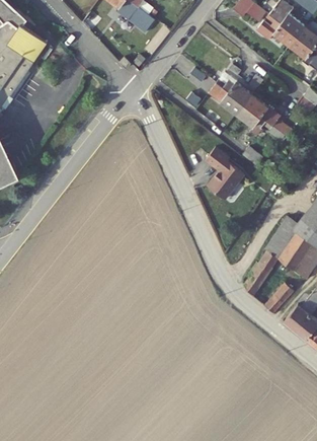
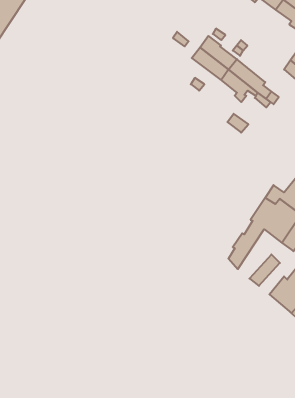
building: [206,148,244,200] -> none

